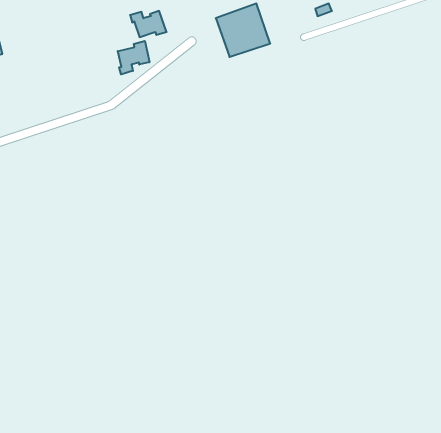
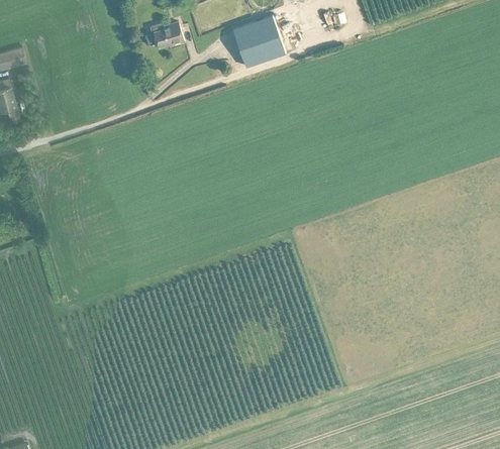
building: [118,41,149,74] -> none

